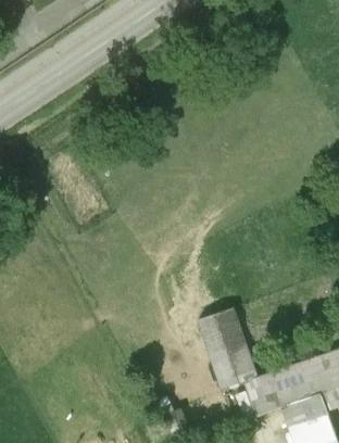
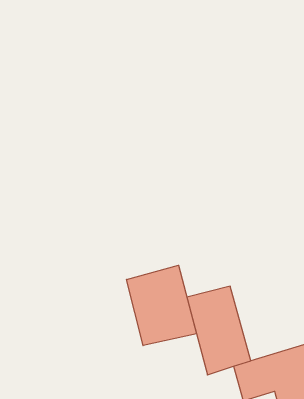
building: none -> [127,265,197,346]

